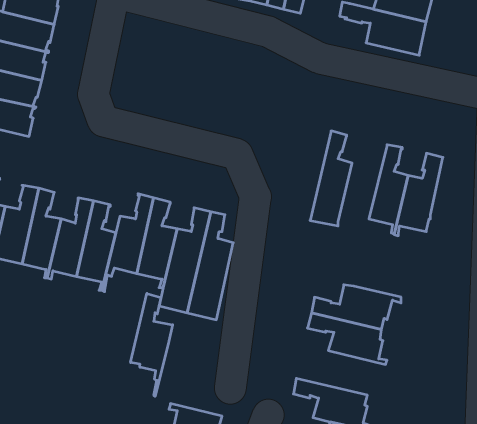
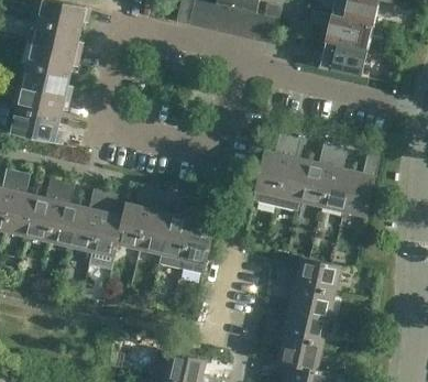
building: none -> [252,133,292,206]
building: none -> [297,143,336,208]
building: [131,293,173,396] -> none
building: none -> [264,308,334,343]

